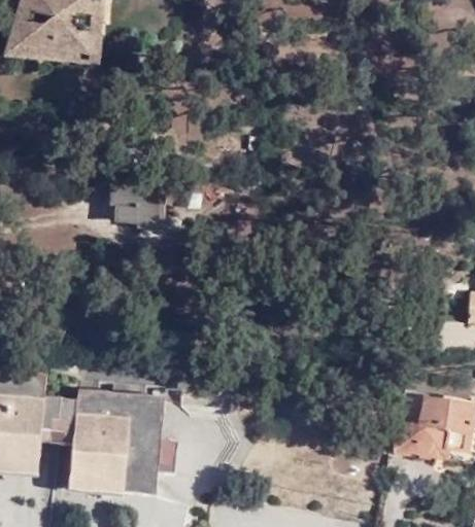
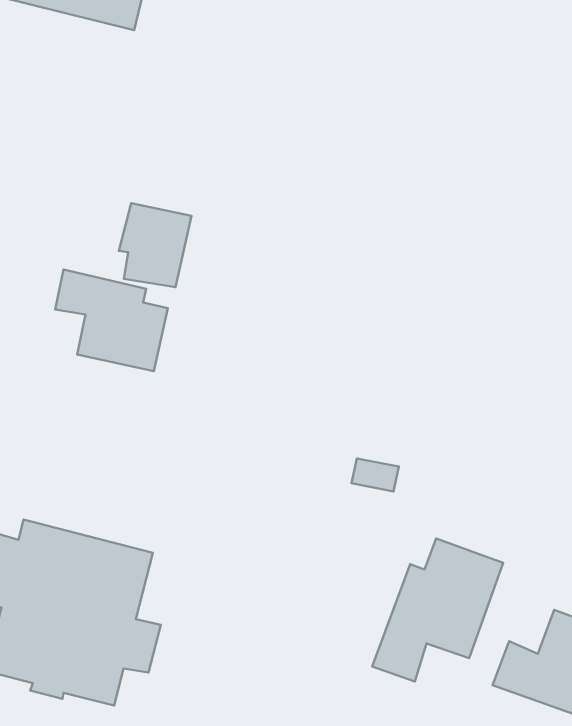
building: none -> [55,270,168,371]
building: none -> [372,539,503,681]

